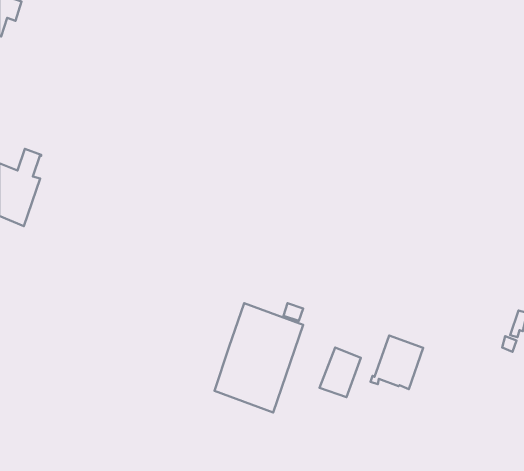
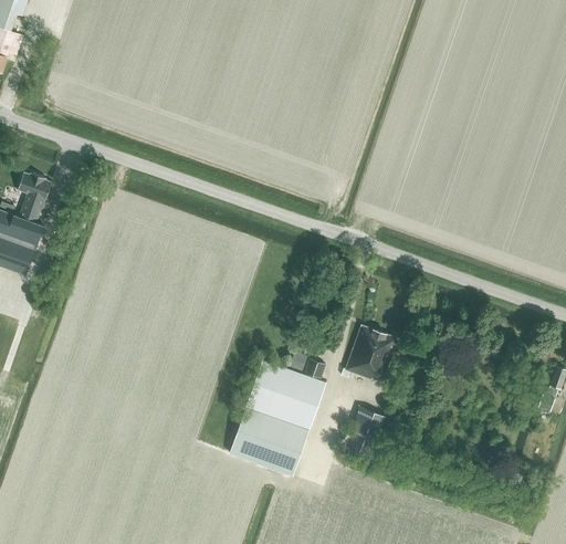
building: none -> [17,170,51,198]
building: [371,336,423,389] -> [340,323,397,380]

